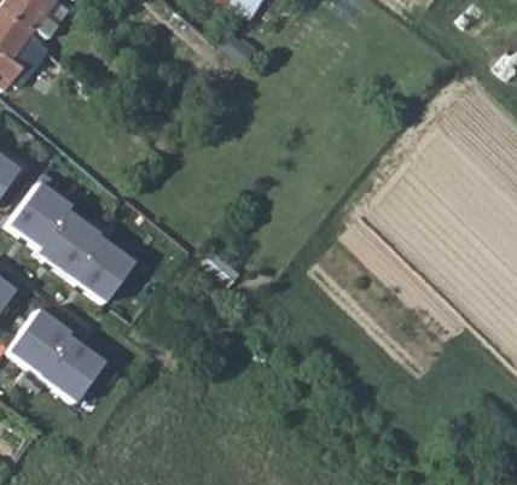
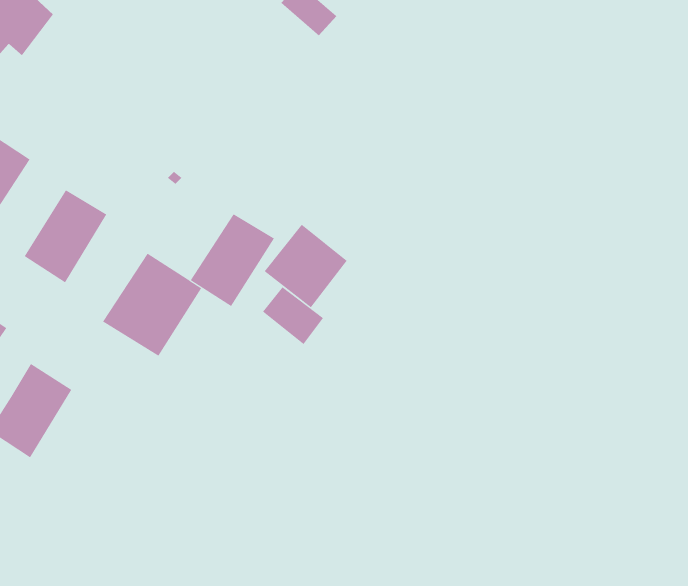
building: none -> [264,224,347,308]
building: [50,204,111,271] -> [190,213,275,307]
building: [29,322,100,397] -> none

